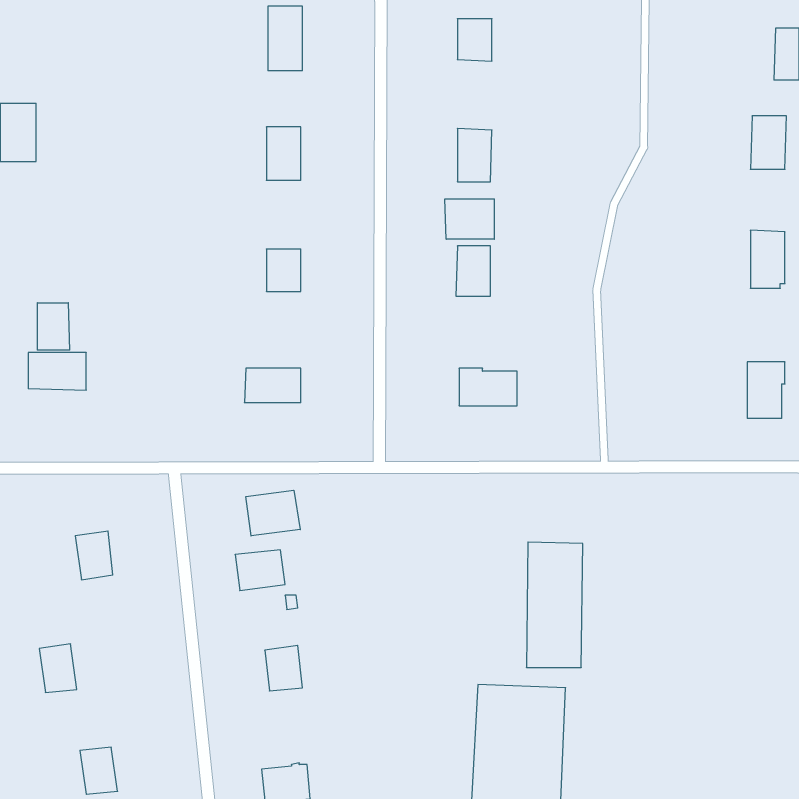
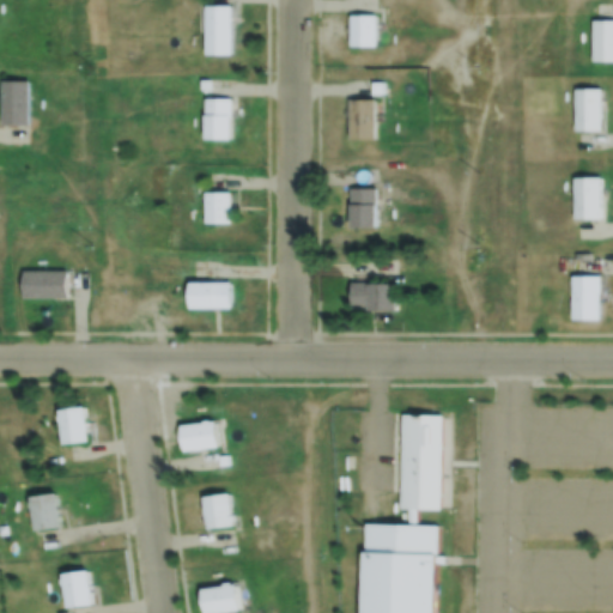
building: [445,199,494,239] -> none
building: [37,303,70,350] -> none
building: [246,490,300,536] -> none

